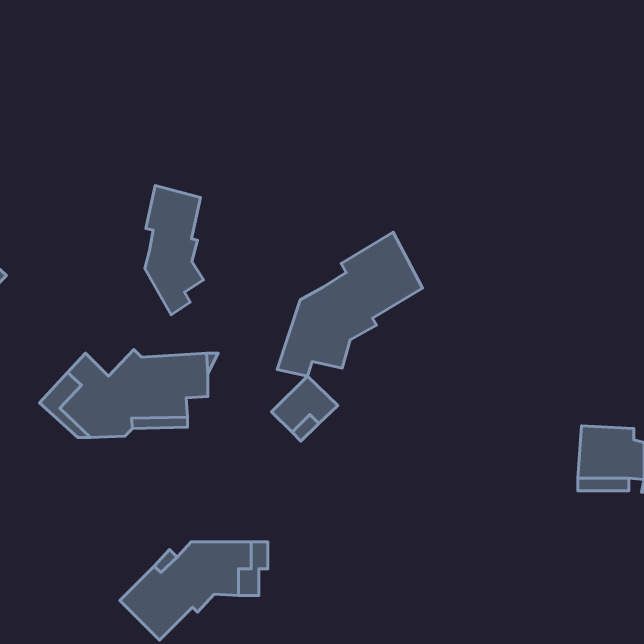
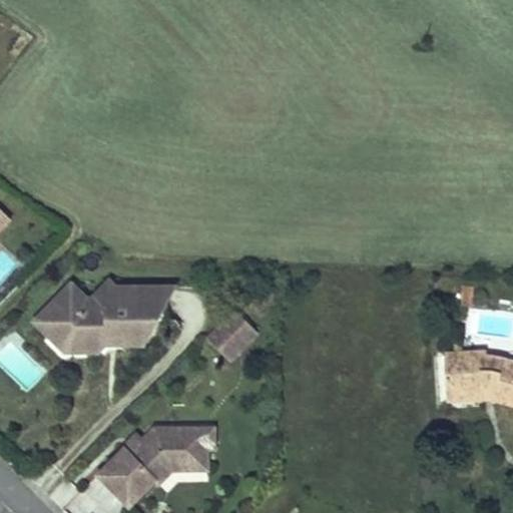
building: [145,185,203,315] -> none
building: [277,232,422,376] -> none

